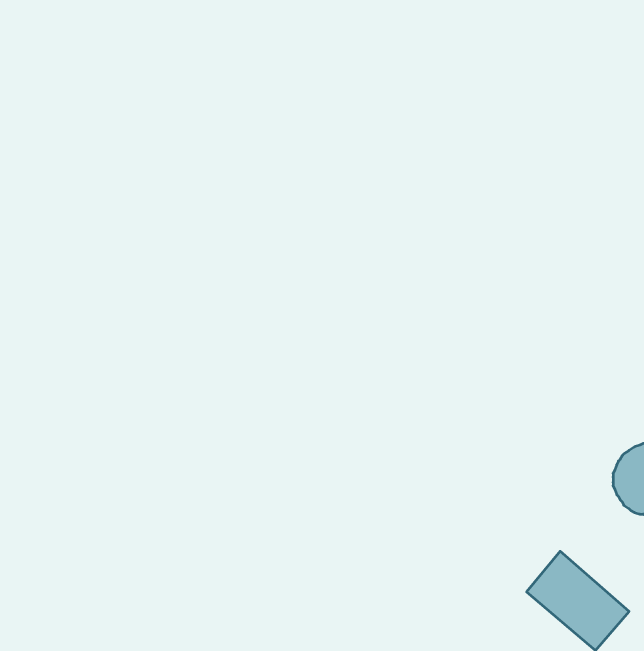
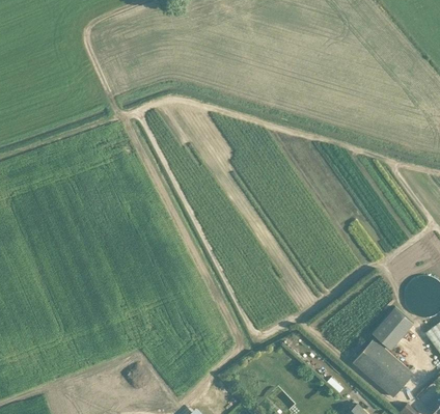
building: none -> [373,308,414,351]

